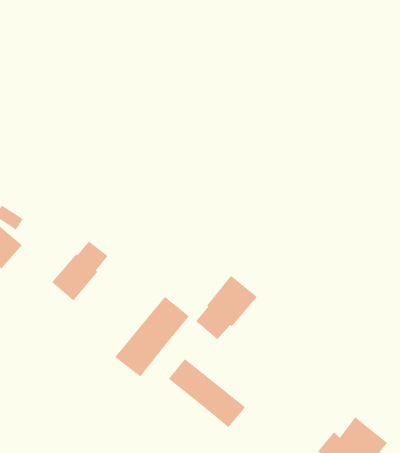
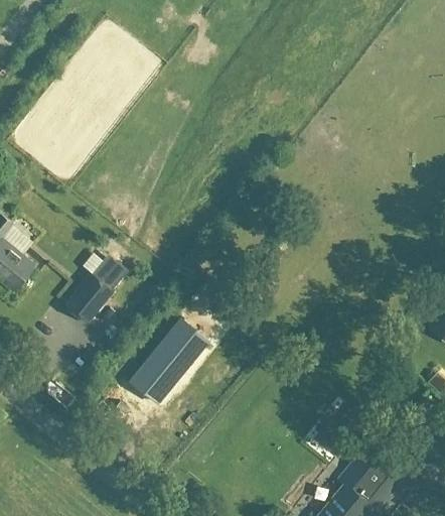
building: [195,275,258,340] -> none
building: [168,358,246,428] -> none

